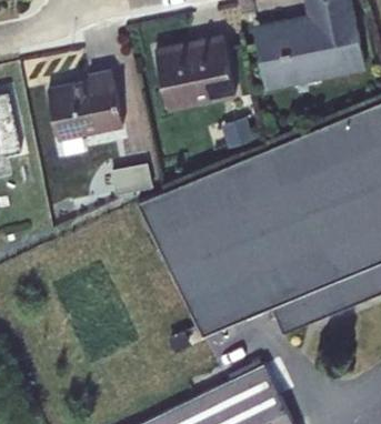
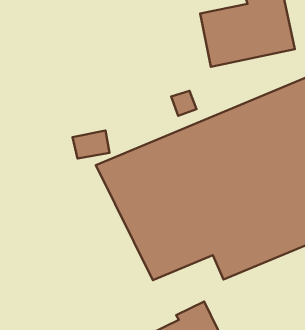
building: [153,37,234,112] -> none
building: [47,71,122,141] -> none

